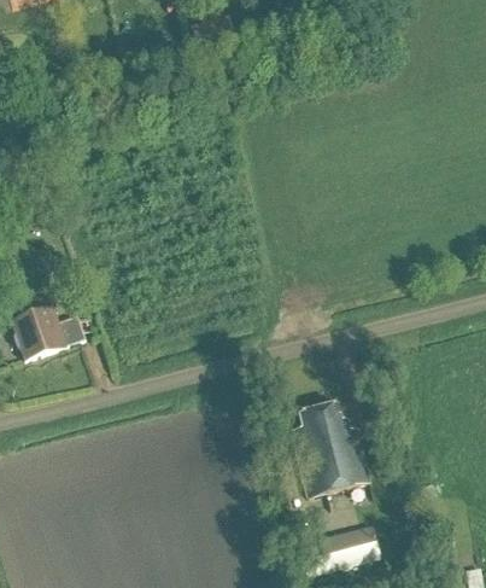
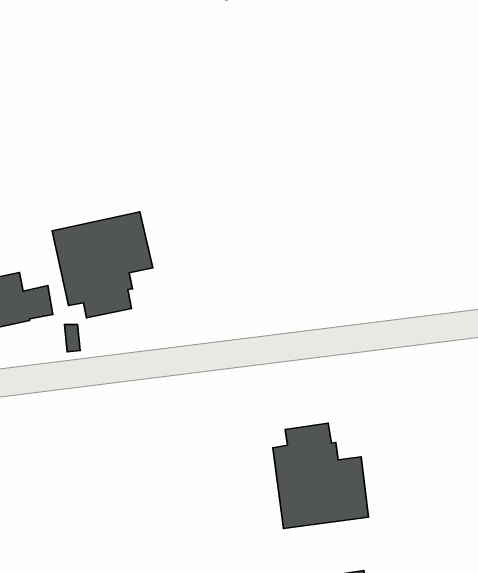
building: none -> [52,212,153,318]

